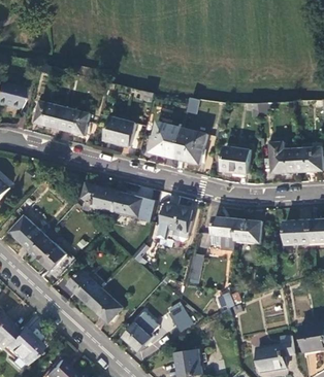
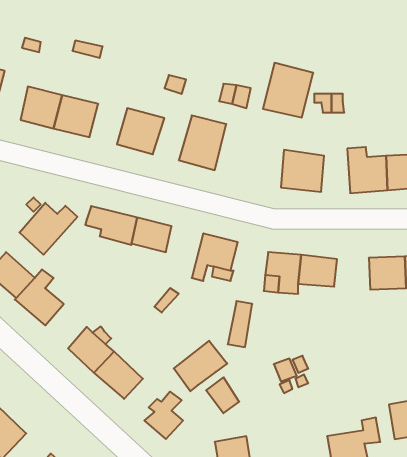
building: [177,125,214,164] -> [263,63,313,118]
building: none -> [19,203,77,255]
building: none -> [174,341,227,391]

